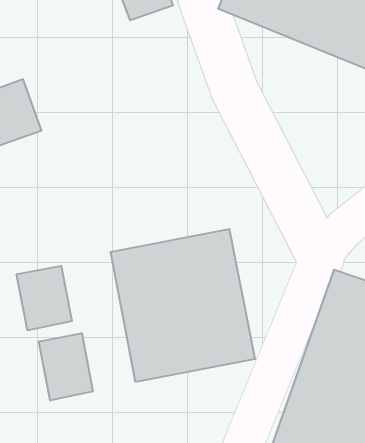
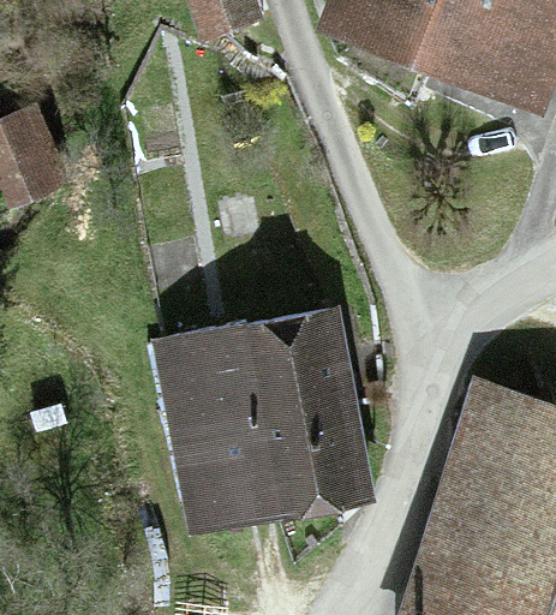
building: [17,266,72,330] -> none
building: [39,333,93,401] -> none

